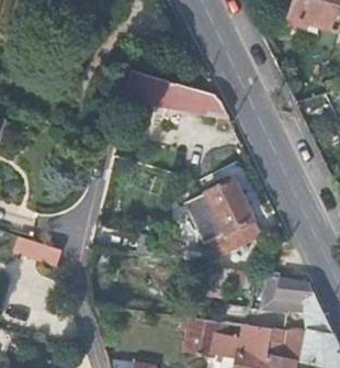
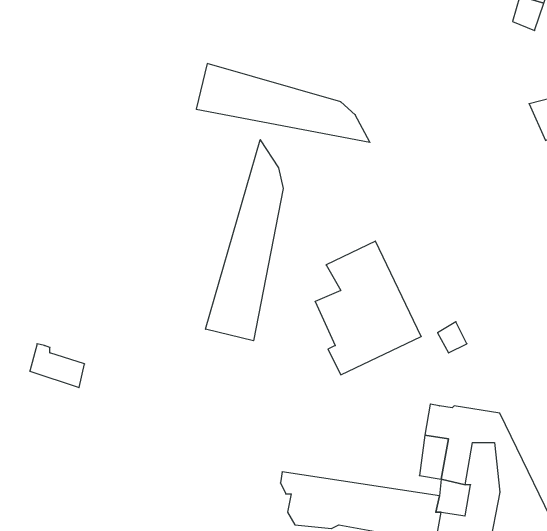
building: none -> [206,140,283,341]

